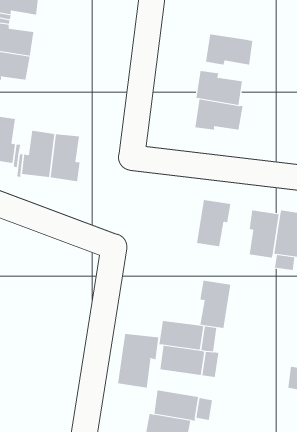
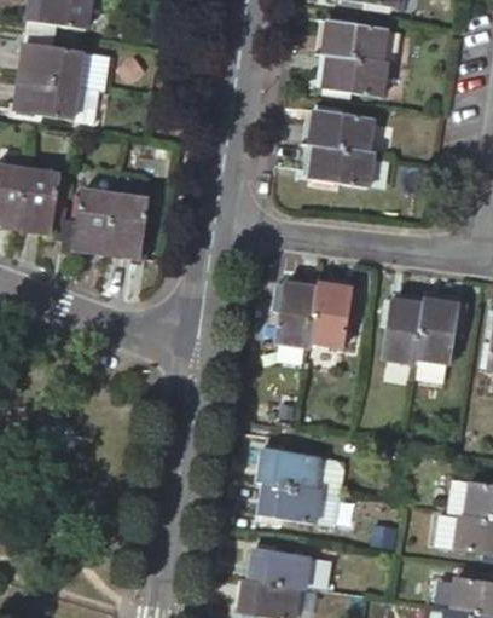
building: none -> [321,15,388,63]
building: [199,280,231,328] -> [274,283,318,350]
building: [118,333,159,388] -> none

